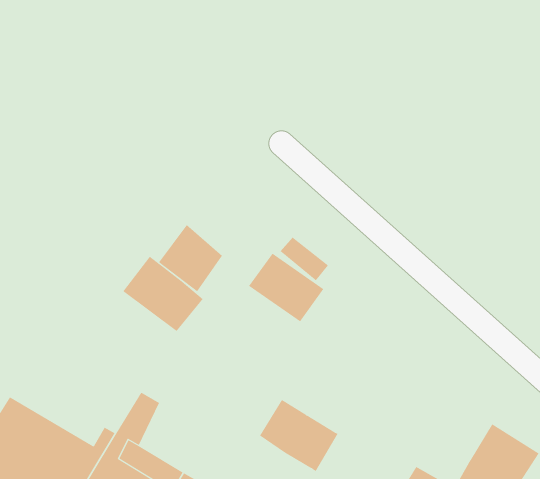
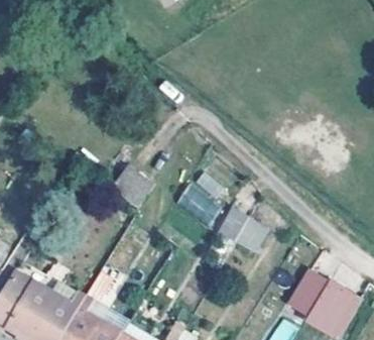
building: [123,256,204,332] -> none
building: none -> [289,268,329,313]
building: [259,399,338,472] -> [219,204,269,250]

